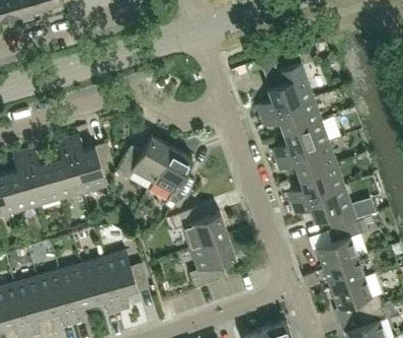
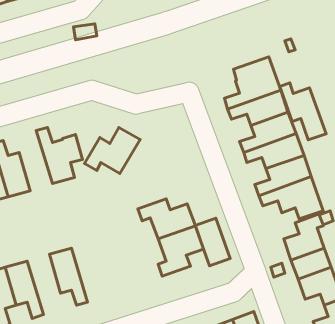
building: none -> [280,83,326,140]
building: [50,139,83,200] -> none
building: [151,148,193,208] -> none
building: none -> [195,218,230,266]
building: [102,252,149,313] -> none
building: [58,264,91,325] -> none

